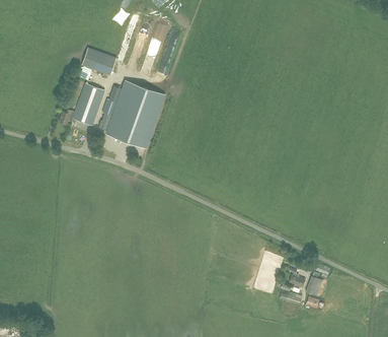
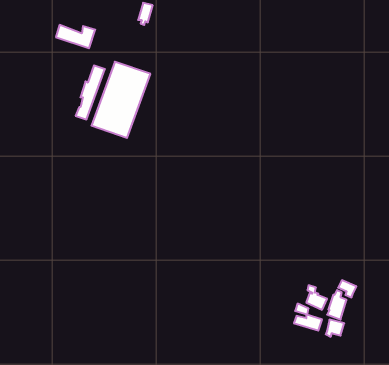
building: [61,84,106,126] -> none

